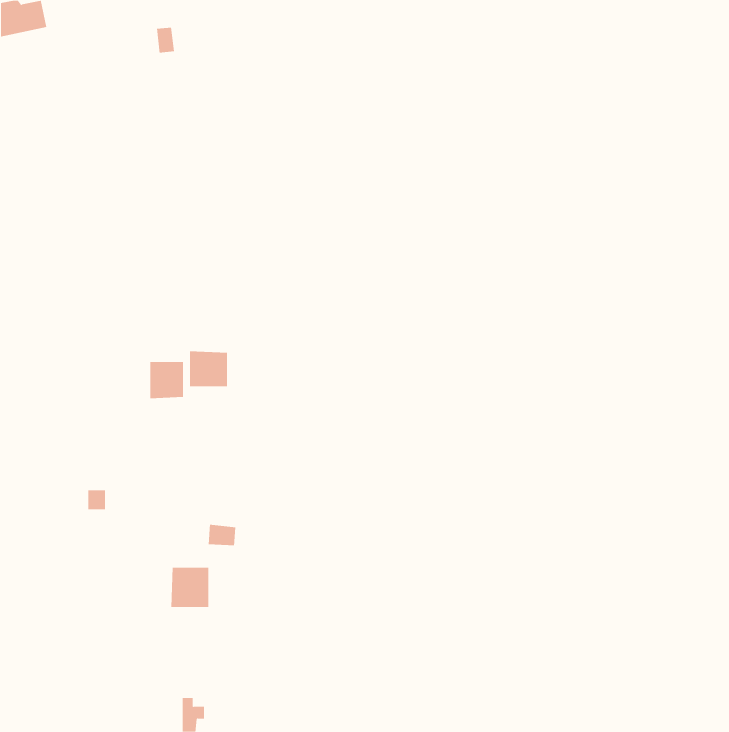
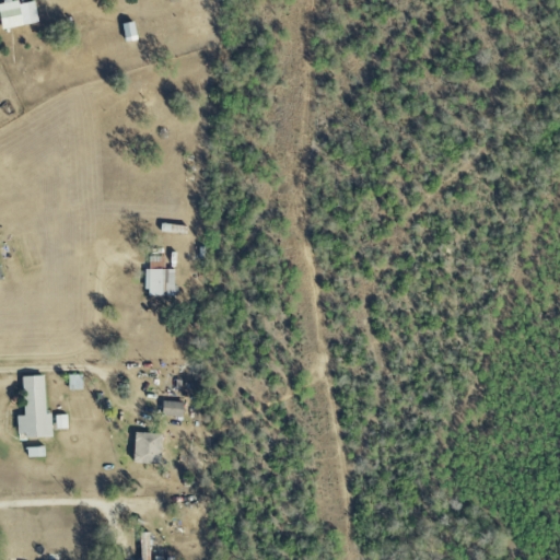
building: [150,361,183,399] -> none
building: none -> [18,375,52,438]

